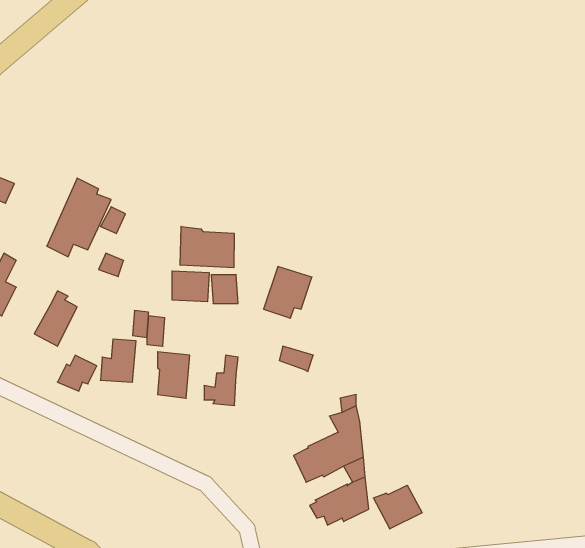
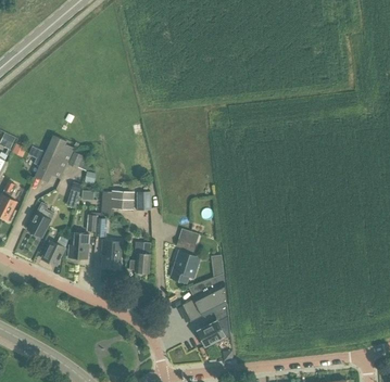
building: [180,226,234,268] -> none
building: [264,266,312,318] -> [169,251,199,282]
building: [373,485,422,529] -> none

